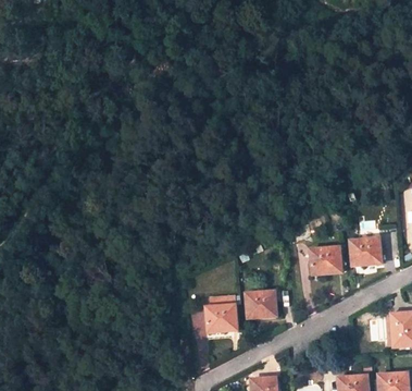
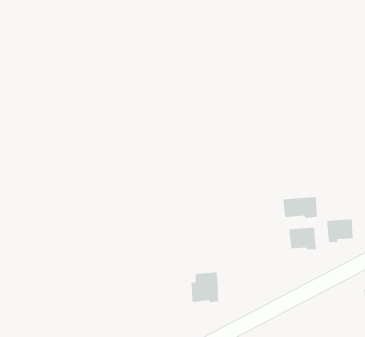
building: none -> [282,196,318,219]
building: [245,291,275,317] -> none

